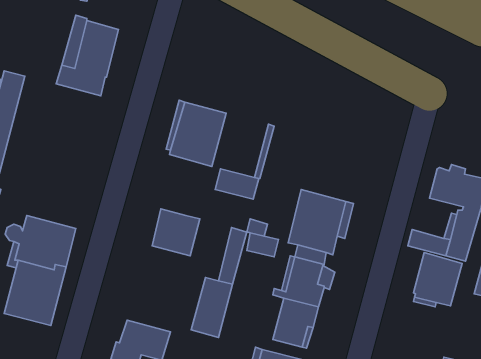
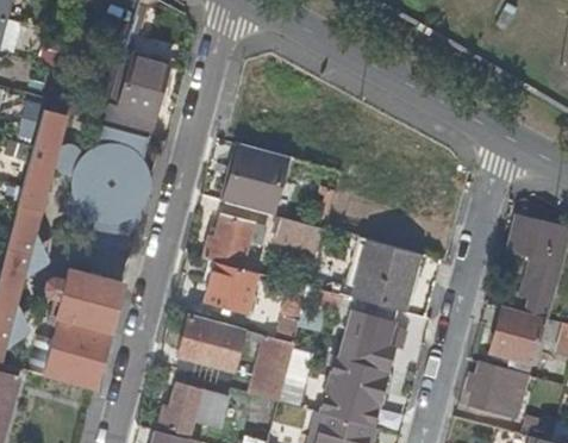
building: none -> [73,126,149,242]
building: none -> [204,214,266,269]
building: none -> [180,317,243,368]
building: none -> [468,367,528,420]

